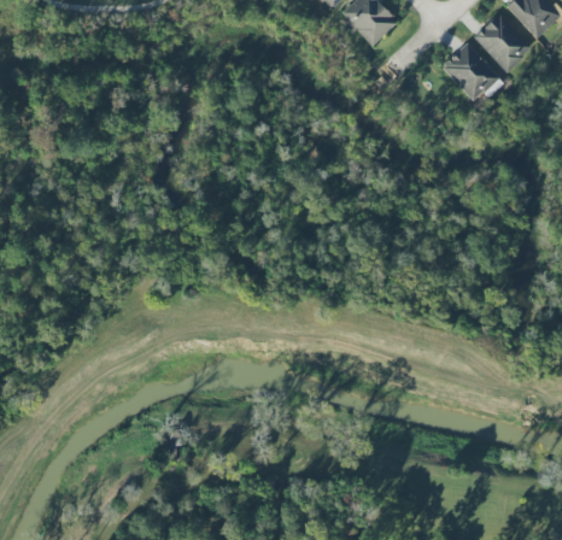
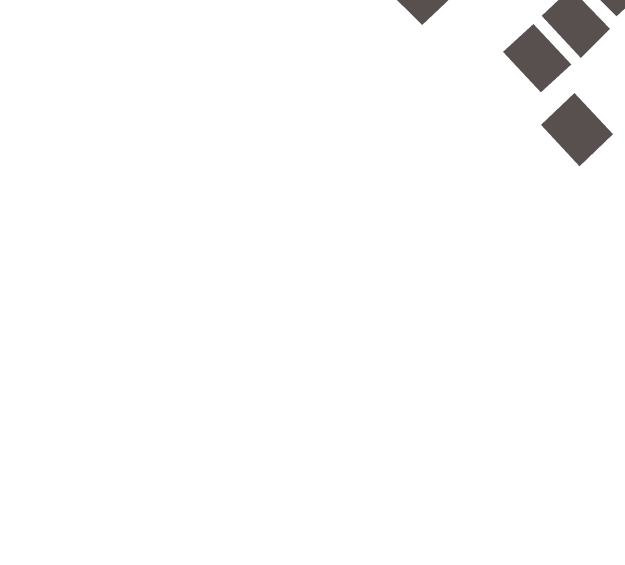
building: none -> [540,92,614,167]

